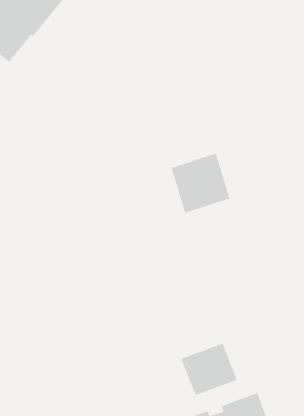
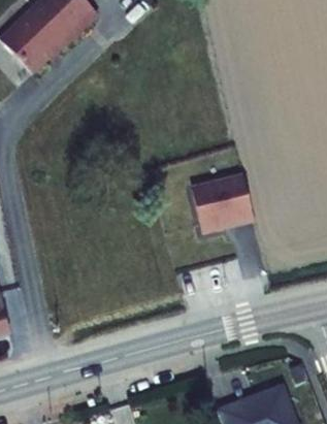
building: [181,343,238,396] -> none

